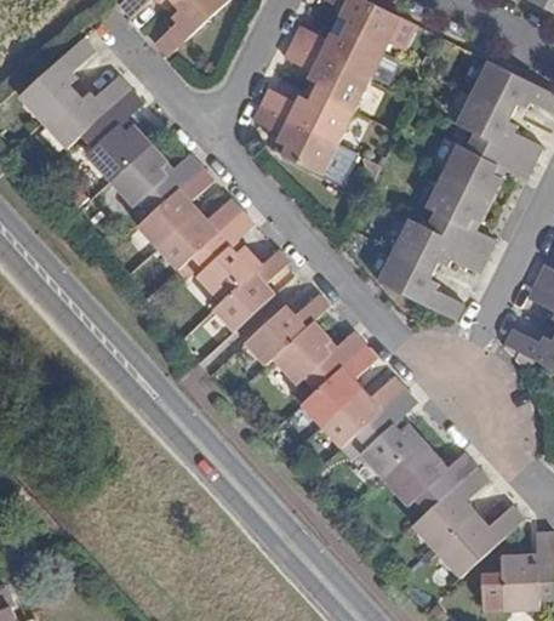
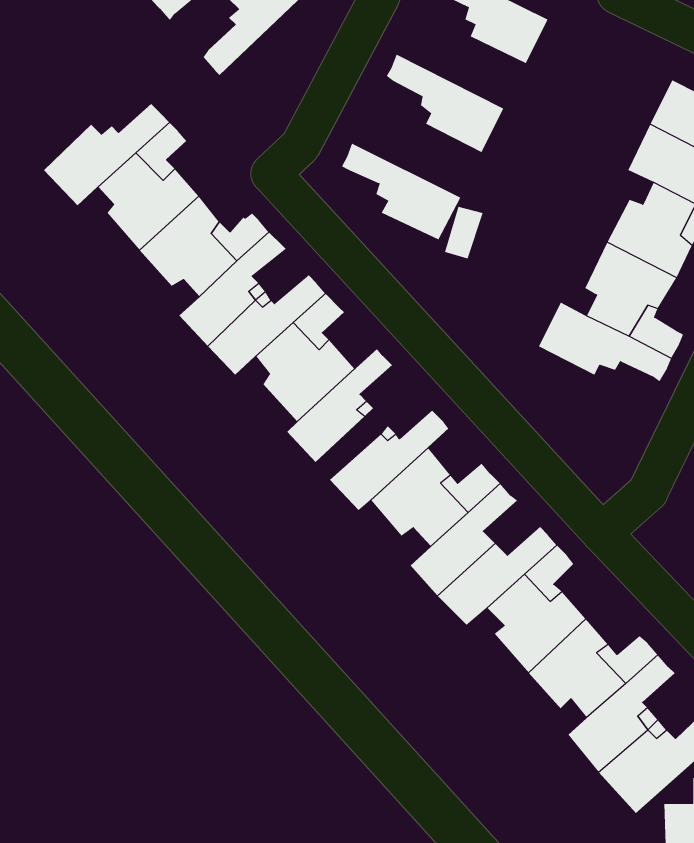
building: [291,24,383,80] -> none
building: [16,36,95,124] -> none
building: [259,87,352,143] -> none
building: [377,249,463,323] -> none

